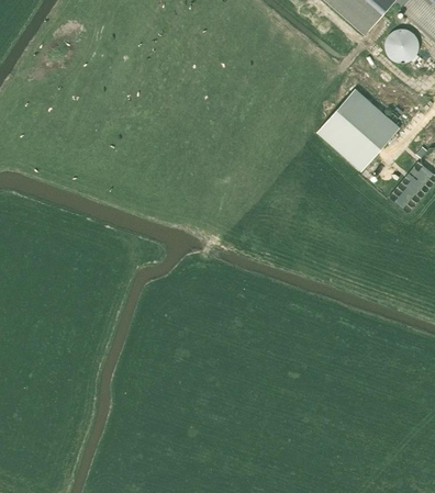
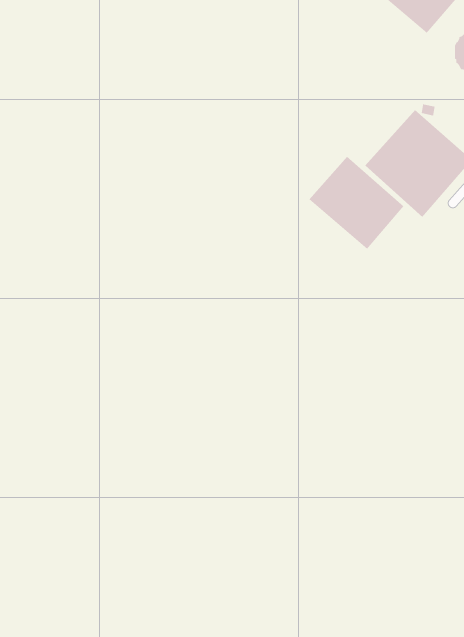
building: none -> [309,156,404,250]

